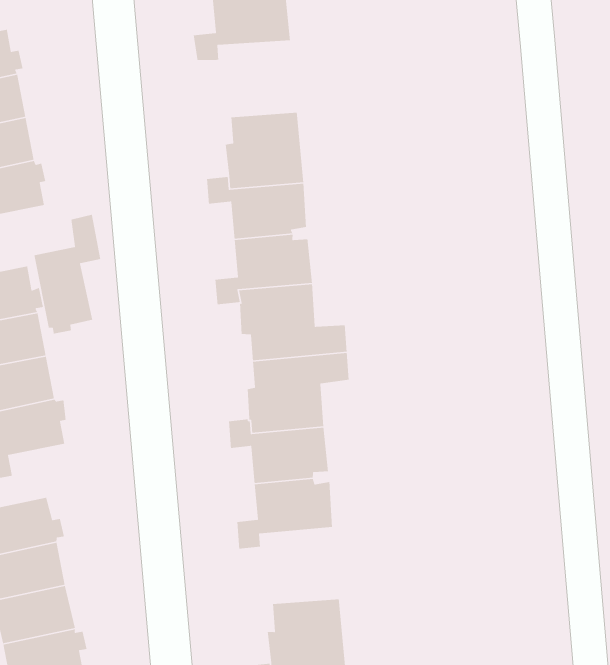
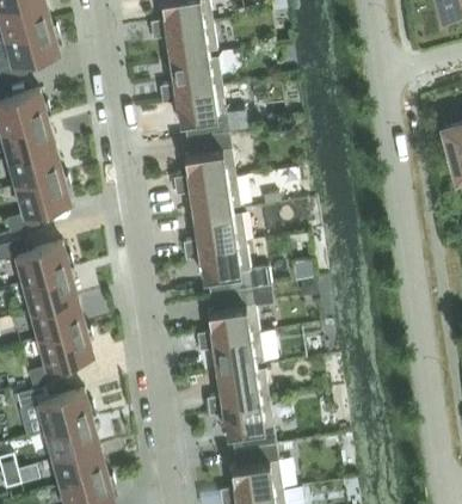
building: none -> [175,87,229,139]
building: [33,214,101,334] -> none
building: none -> [222,399,276,450]

